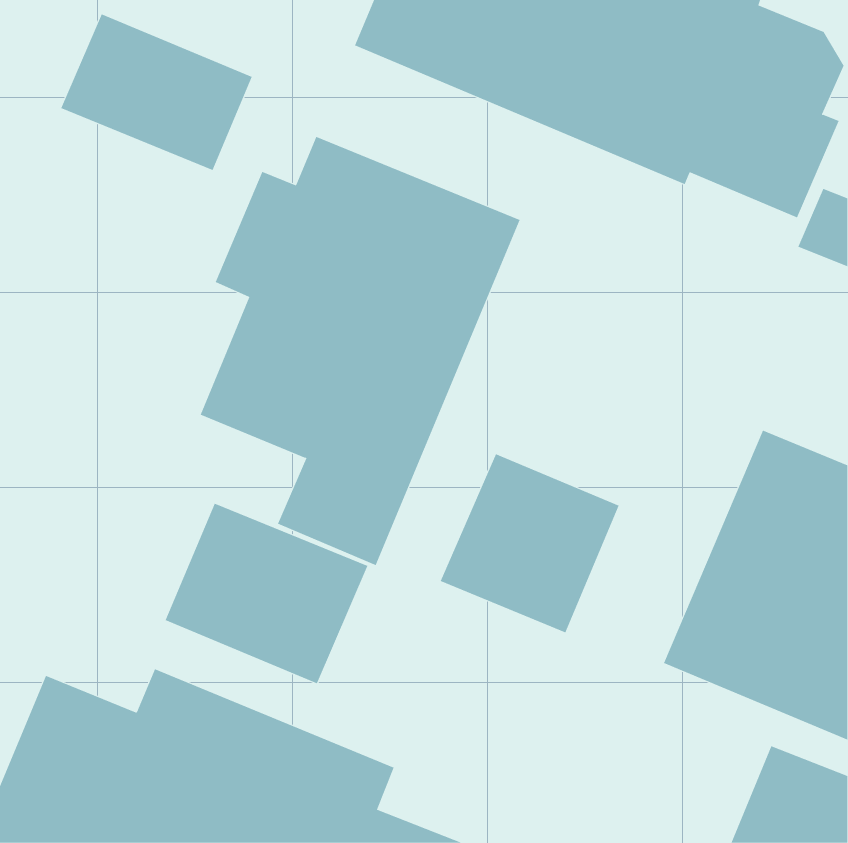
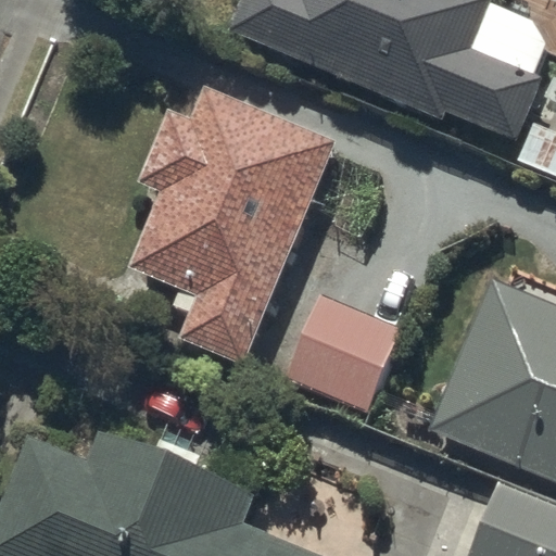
building: [60,13,253,171] -> none
building: [165,503,368,684] -> none

